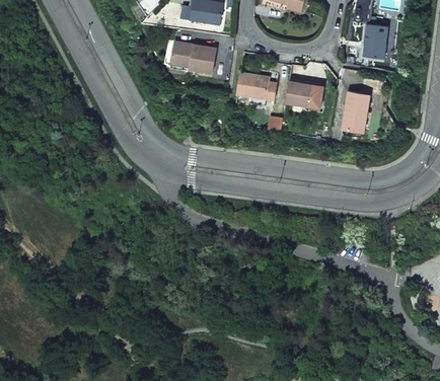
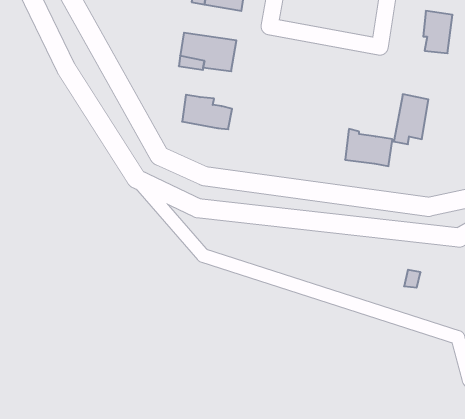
building: [237,72,277,99] -> [182,95,232,129]
building: [286,78,323,107] -> [345,129,392,166]

